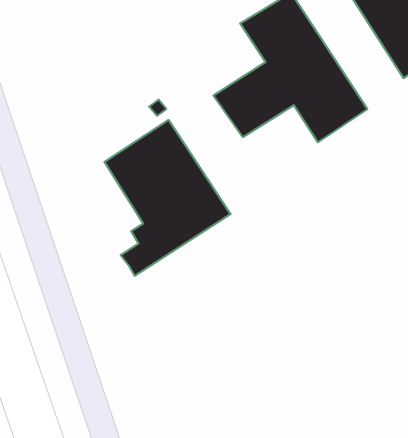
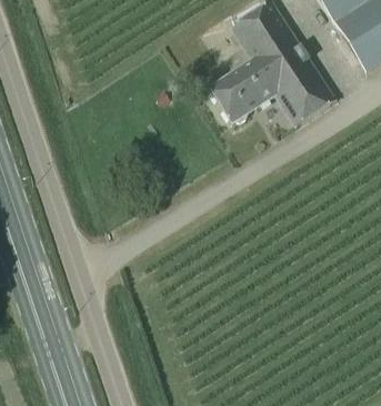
building: [104,120,231,276] -> none

